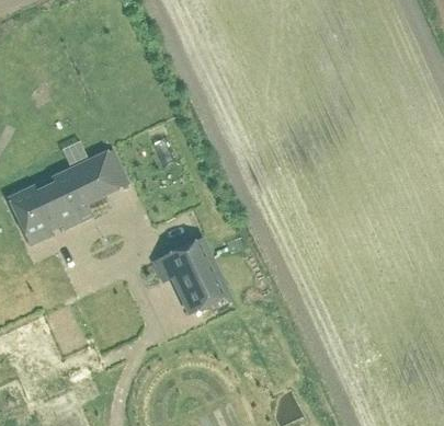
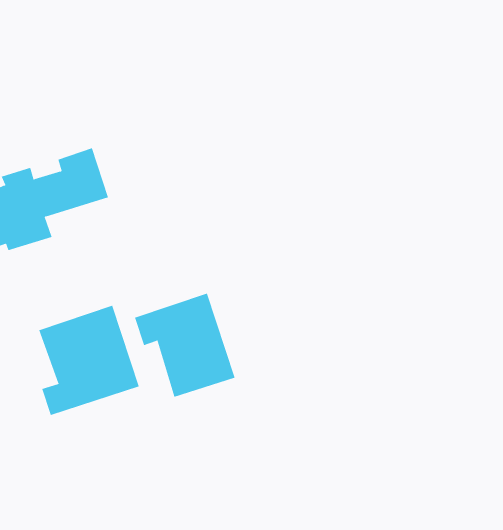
building: none -> [38,305,140,416]

